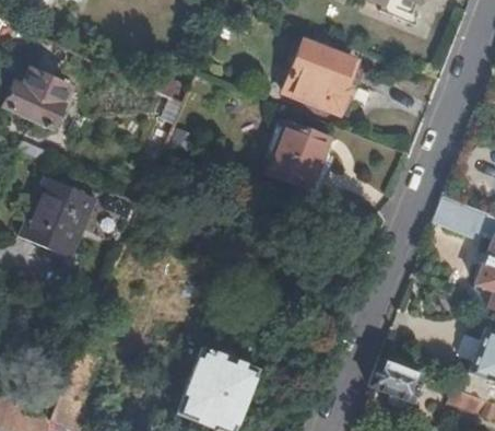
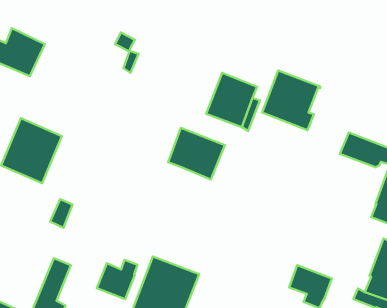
building: [285,42,356,115] -> [262,70,320,130]
building: none -> [168,128,225,179]
building: none -> [97,260,138,299]

